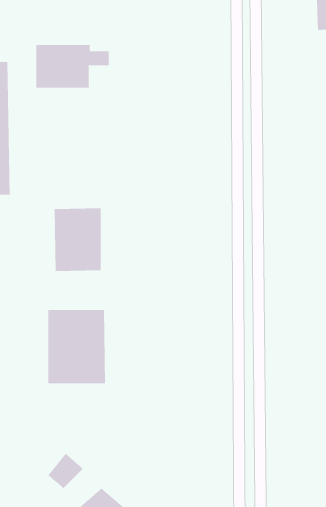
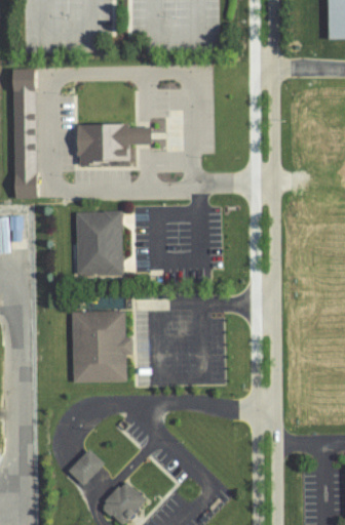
building: [35,45,110,88] -> [75,123,147,165]

